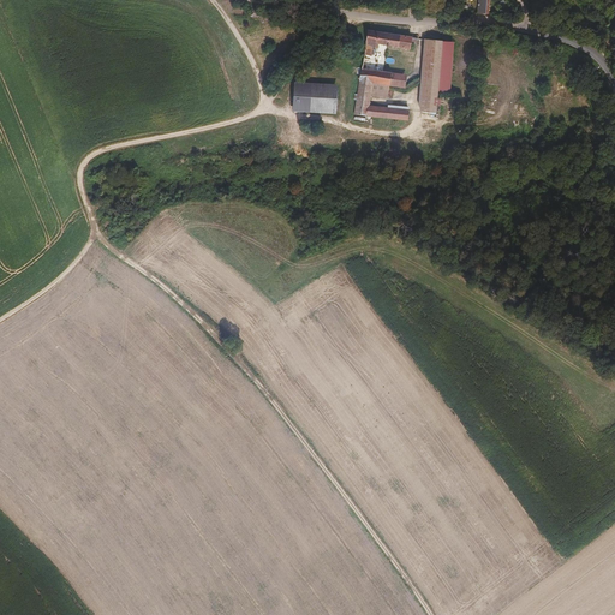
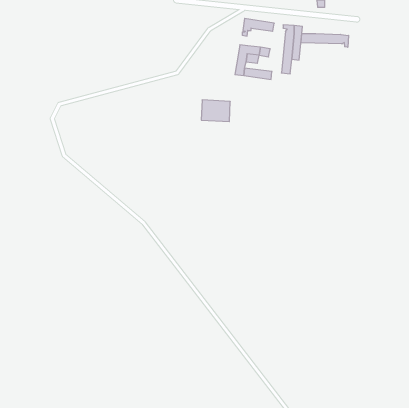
building: none -> [301,33,349,47]
building: [293,82,336,114] -> [201,100,230,122]

